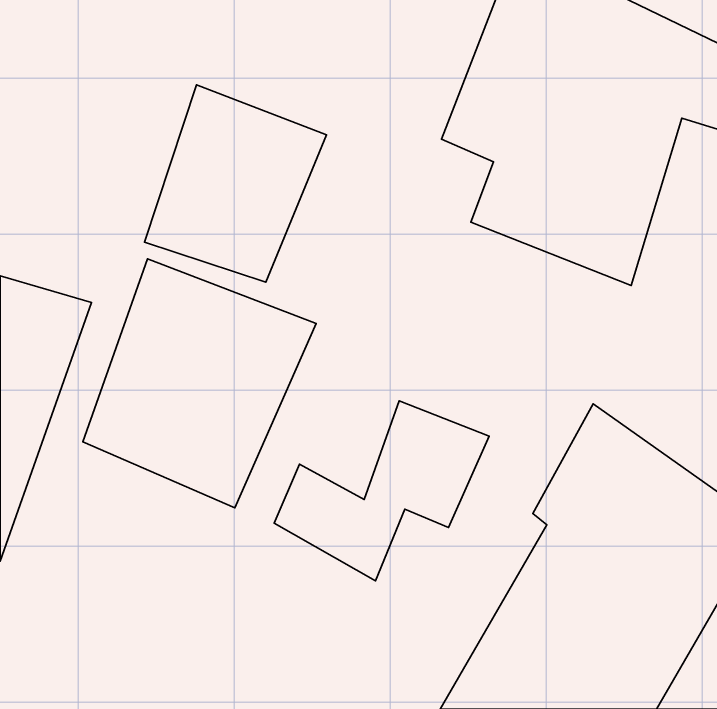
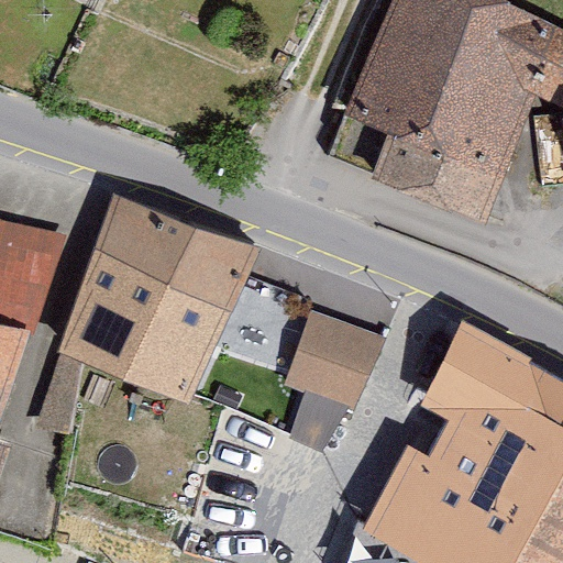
building: [145,85,326,282] -> none

